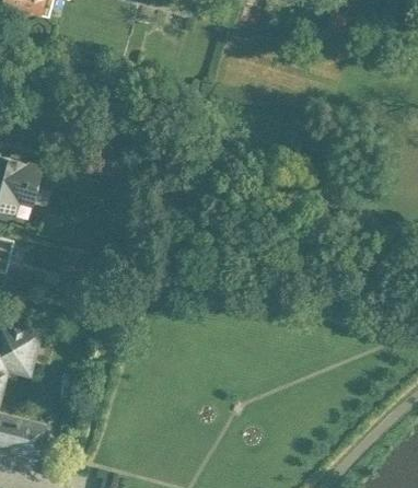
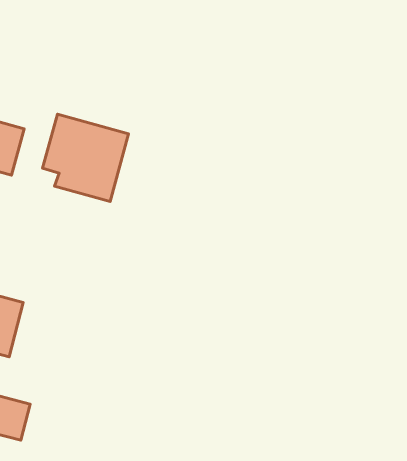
building: none -> [43,114,128,201]

